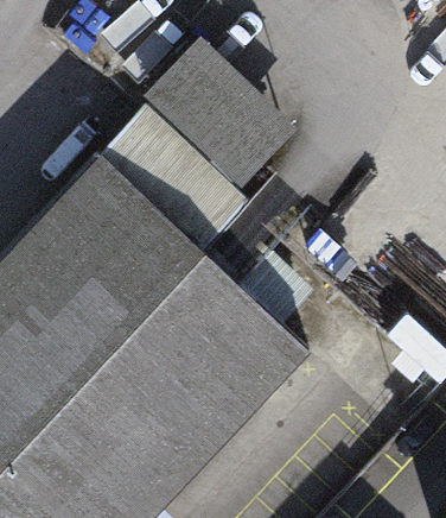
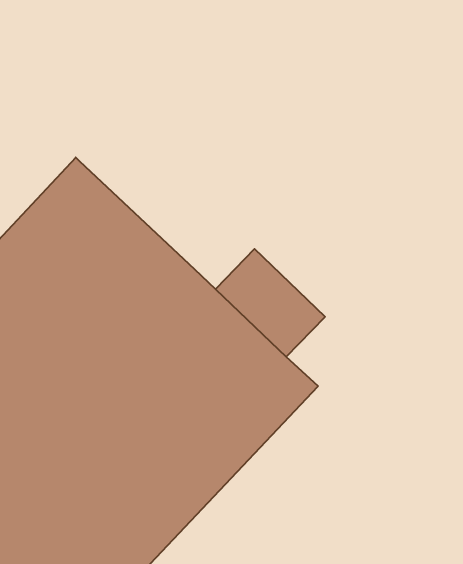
building: [158,52,286,177] -> none
building: [104,112,248,252] -> none

